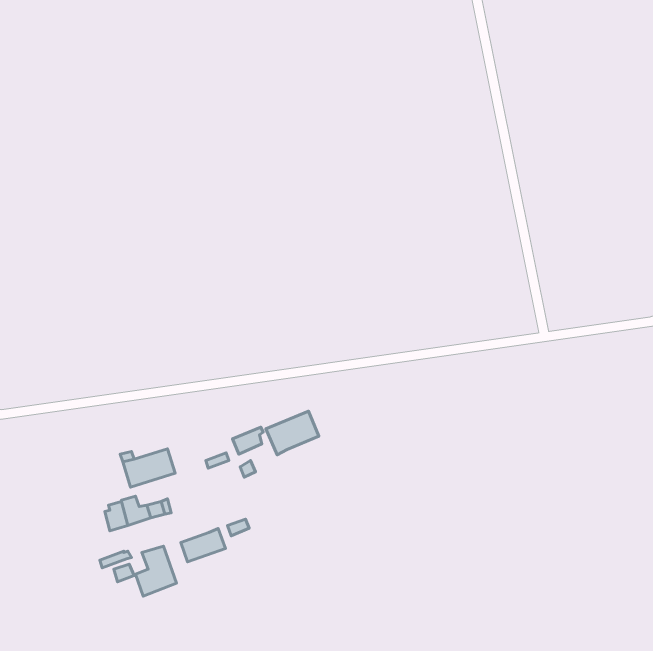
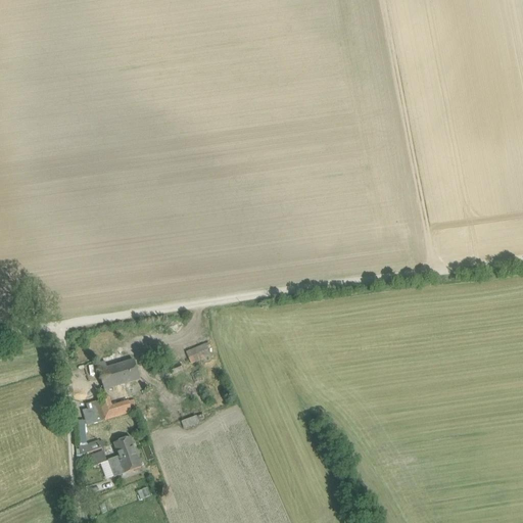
building: [266,411,319,455] -> none
building: [181,528,225,562] -> none

